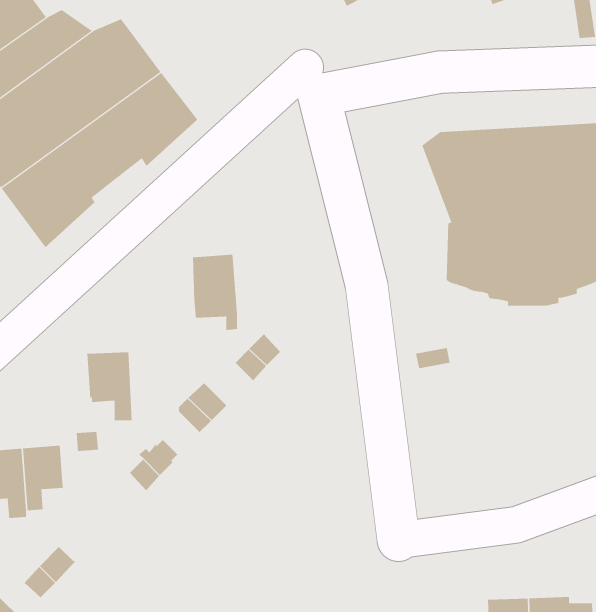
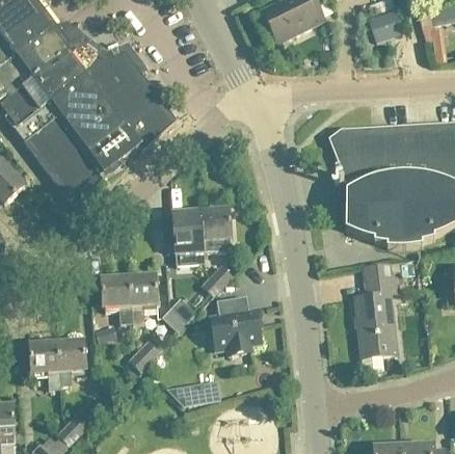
building: none -> [200,208,232,251]
building: none -> [354,261,400,370]
building: none -> [130,274,157,325]
building: none -> [210,296,263,349]
building: none -> [167,381,207,404]

